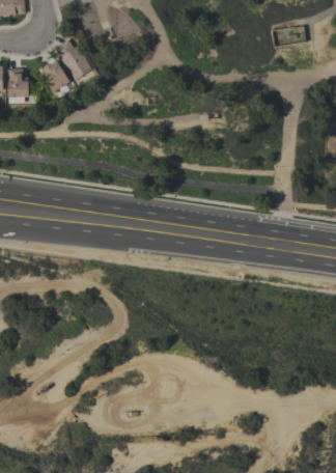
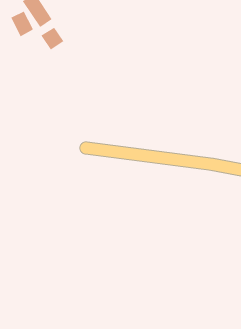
building: none -> [40,27,64,50]

